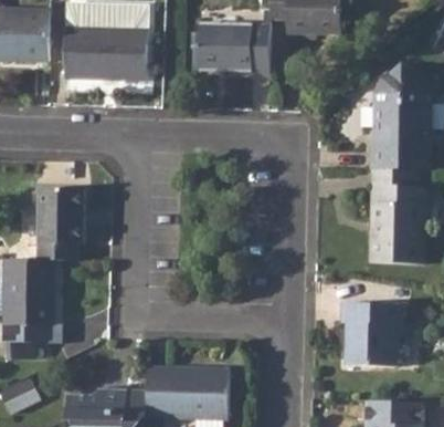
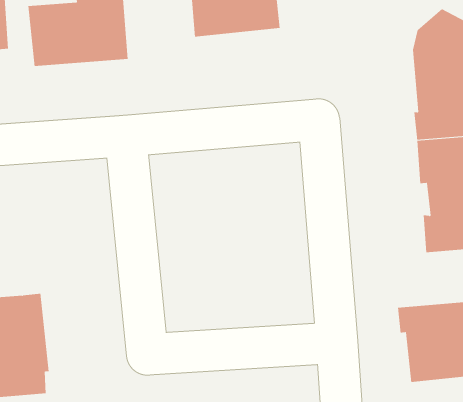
building: [38,188,82,261] -> none

